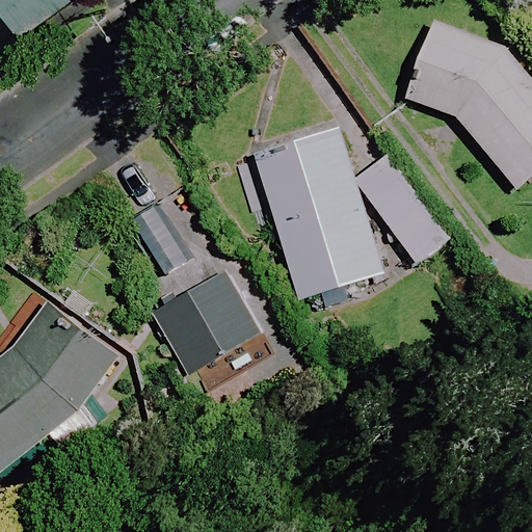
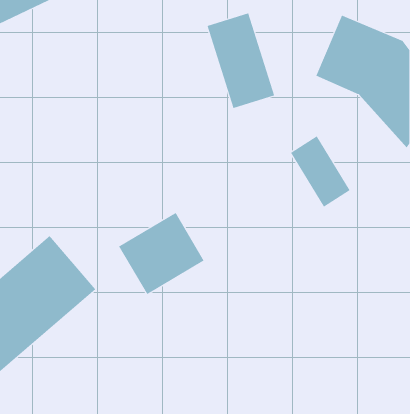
building: none -> [207,12,275,109]
building: [254,128,384,299] -> none

